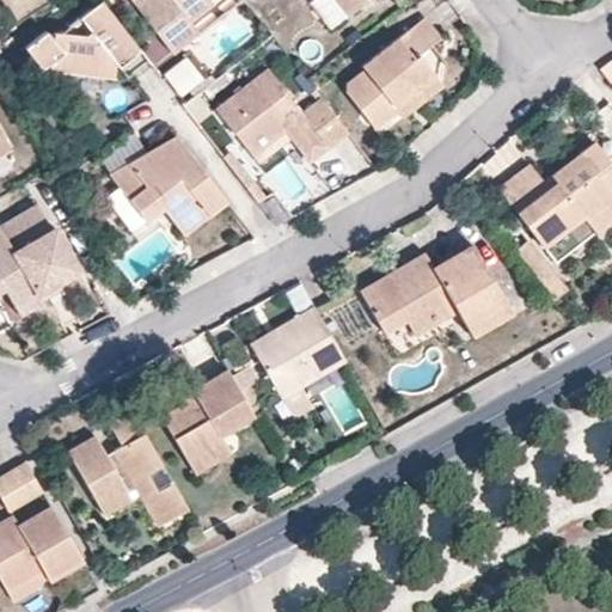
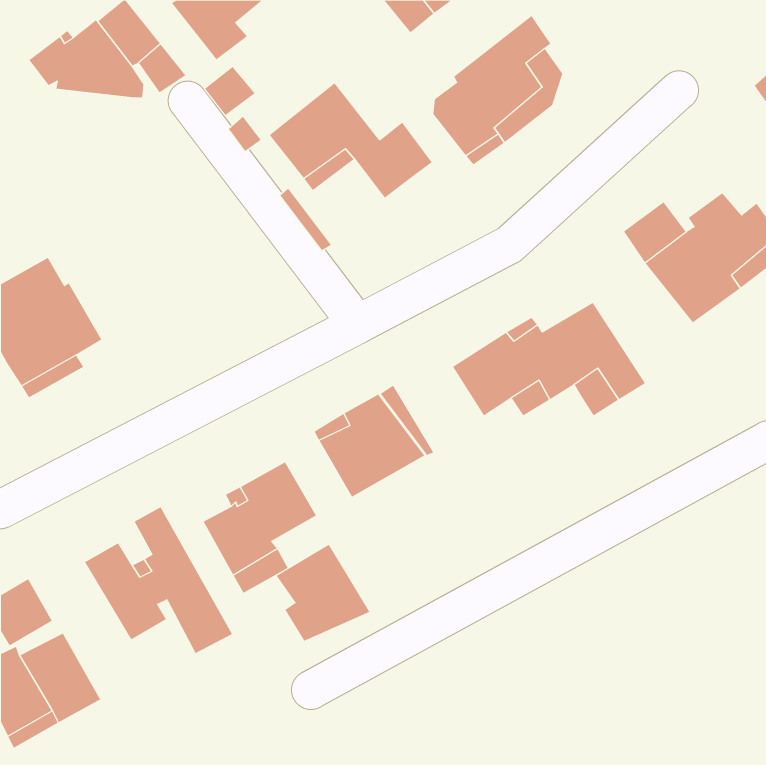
building: [114,136,226,227] -> none
building: none -> [276,544,370,641]

